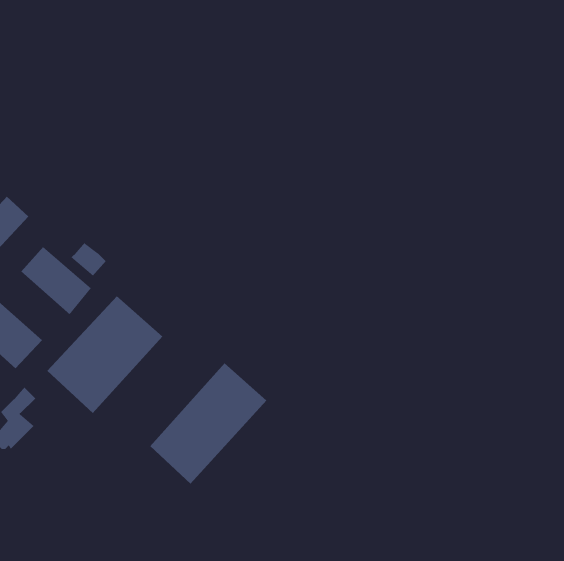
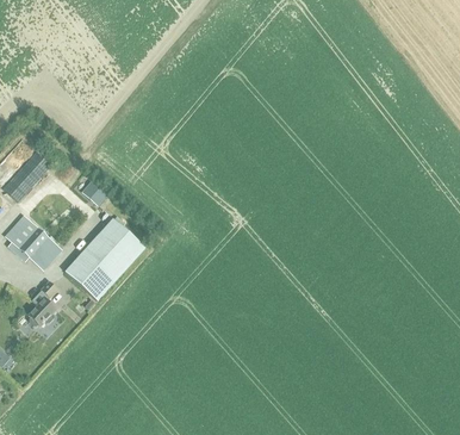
building: [21,246,92,315] -> none
building: [150,362,267,485] -> none

